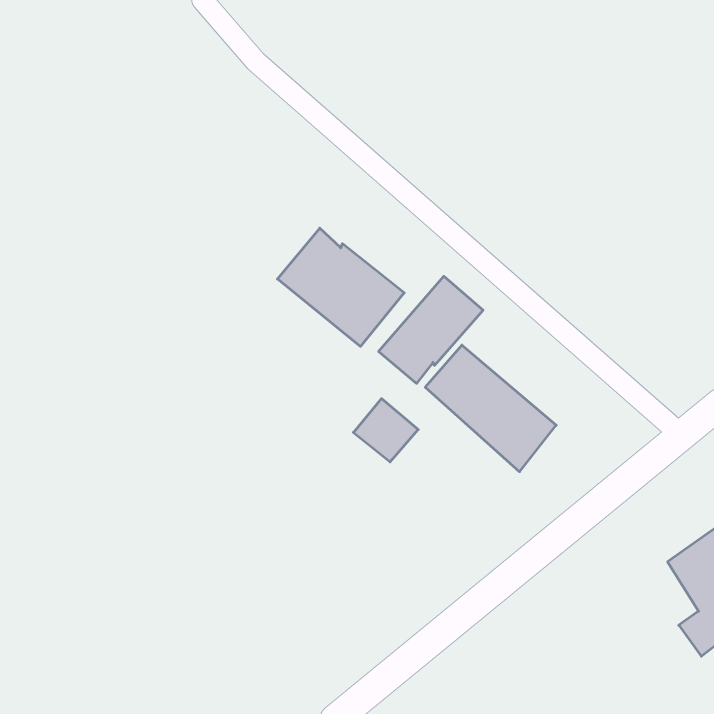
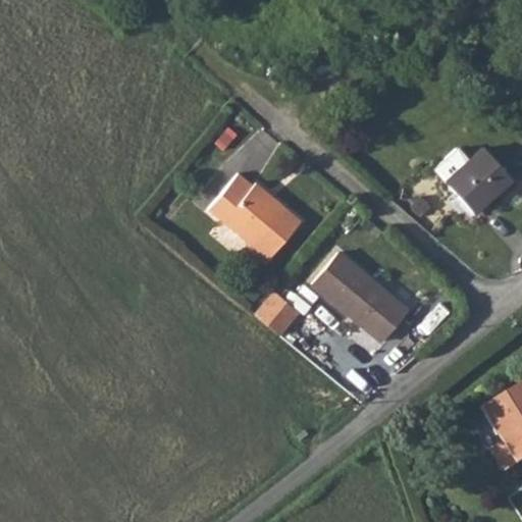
building: none -> [437,150,513,213]
building: [379,276,483,383] -> none

